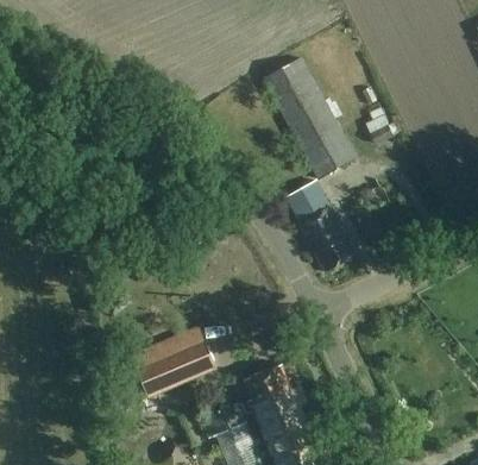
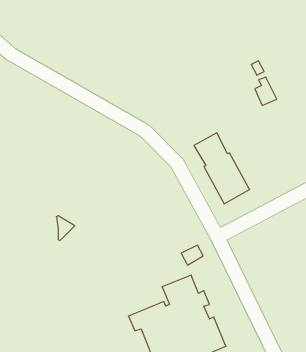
building: [264,57,357,177] -> none
building: [136,337,216,395] -> none

